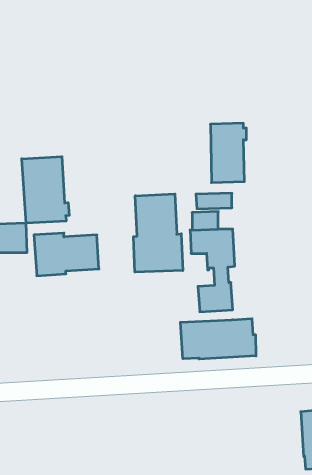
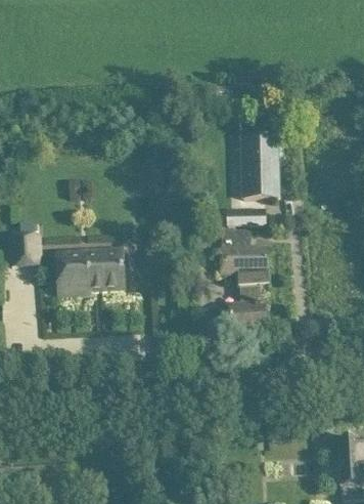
building: [22,157,69,223] -> none
building: [134,194,183,272] -> none
building: [180,319,256,359] -> none

